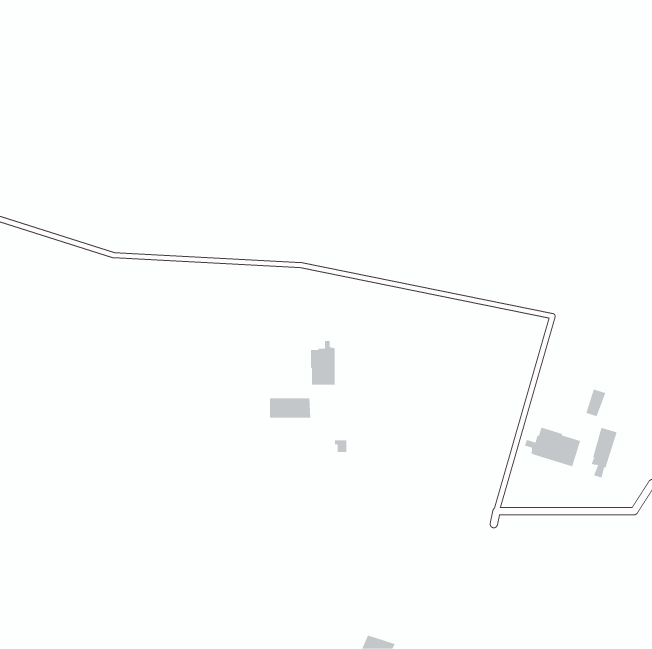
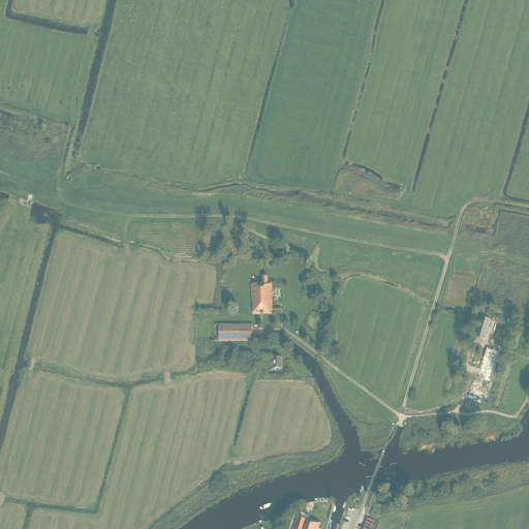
building: [524,427,581,467] -> none

